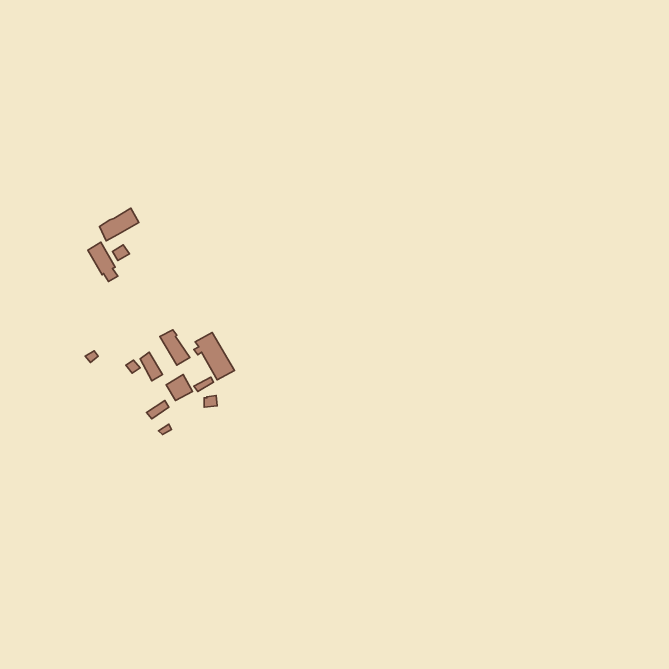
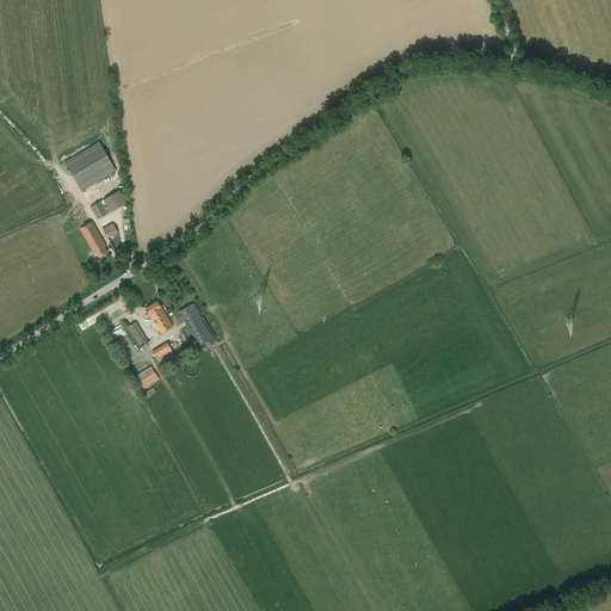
building: none -> [64,141,116,191]

